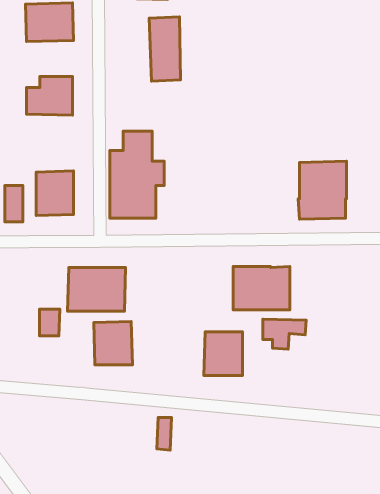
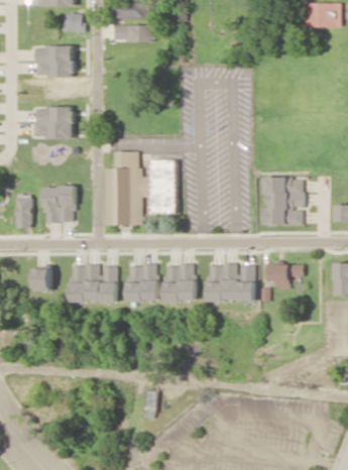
building: [149,17,181,81] -> [150,160,177,214]
building: [39,309,60,336] -> [33,269,50,291]
building: [263,319,306,349] -> [266,264,303,289]
building: [94,321,132,365] -> [126,265,158,302]
building: [204,332,243,375] -> [163,265,196,302]

